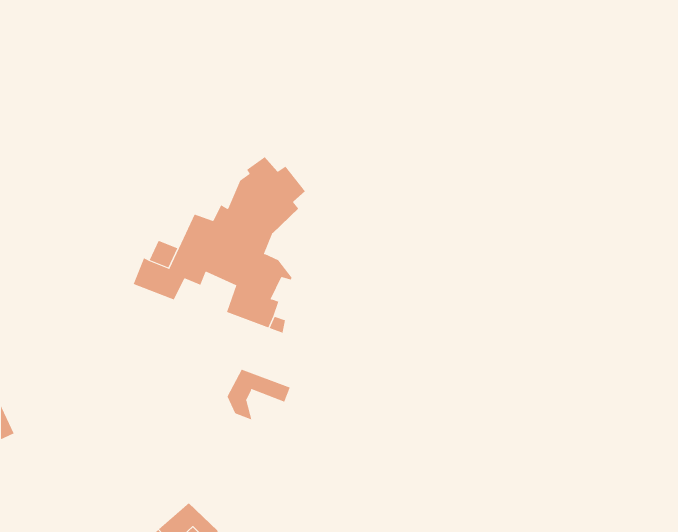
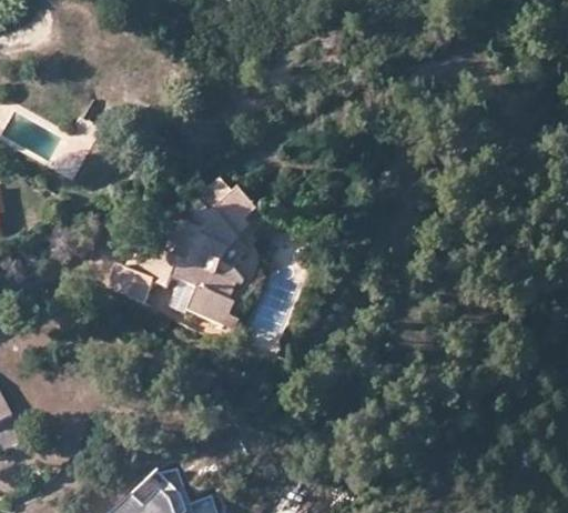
building: [227,369,291,420] -> none

